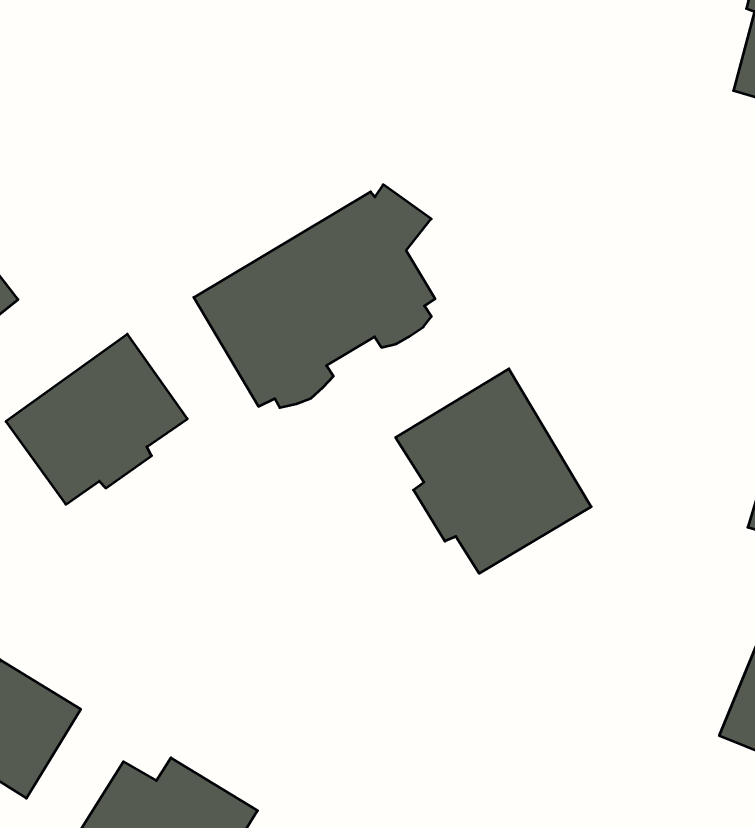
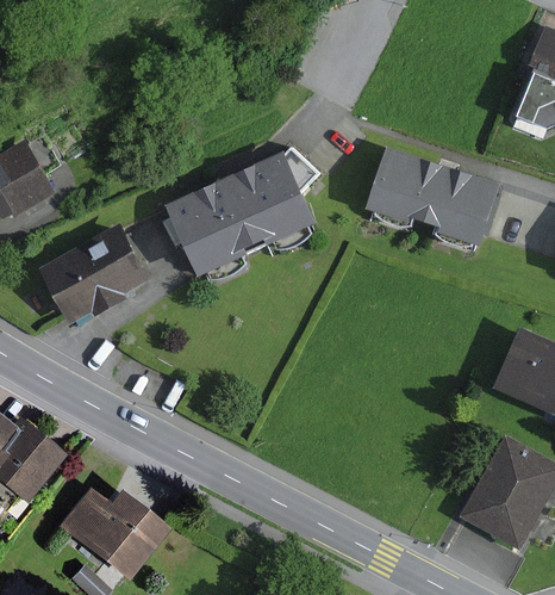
building: none -> [366,145,500,247]
building: [396,369,591,573] -> none

